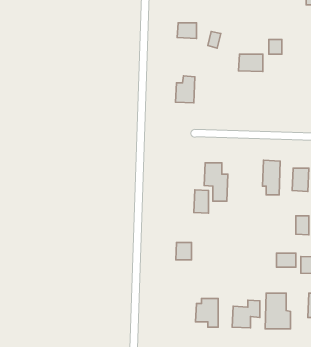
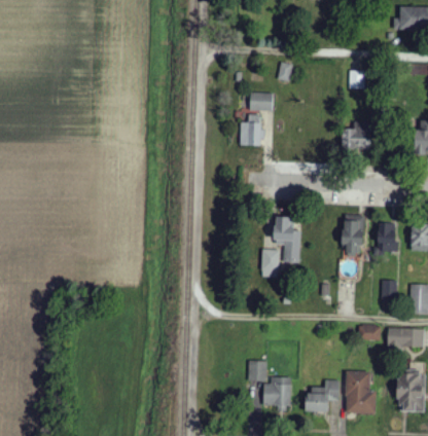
building: [177,23,196,38] -> [250,93,273,111]
building: [239,54,263,72] -> [342,129,370,149]
building: [176,242,191,260] -> [248,361,266,382]

